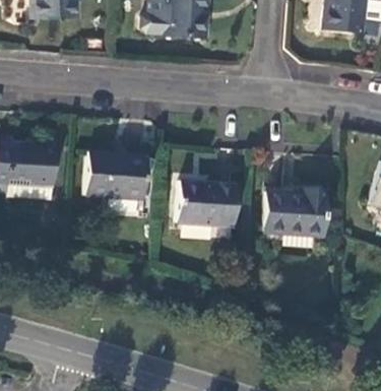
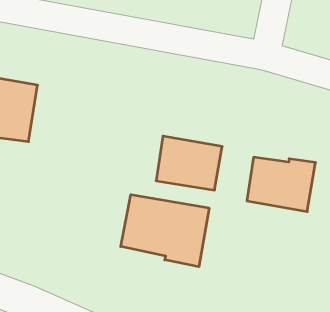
building: [85,150,146,199] -> none
building: none -> [121,195,209,267]

